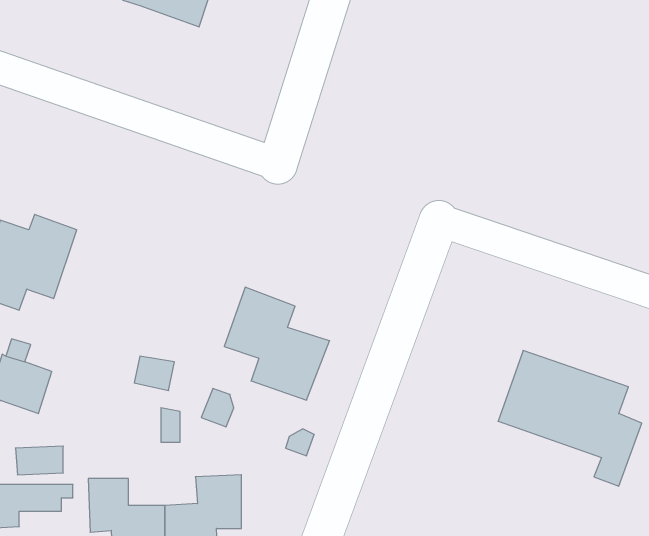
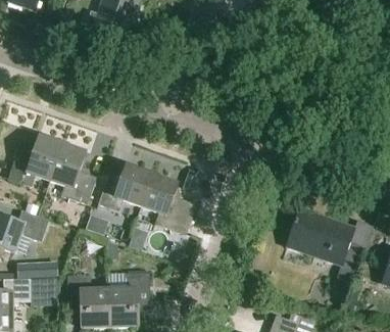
building: none -> [49,144,94,204]
building: none -> [98,165,151,211]

